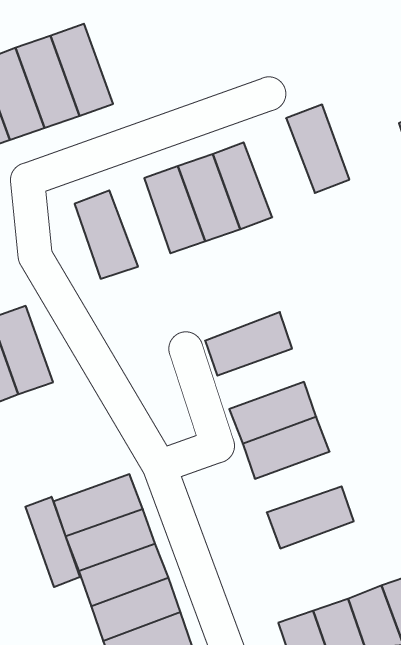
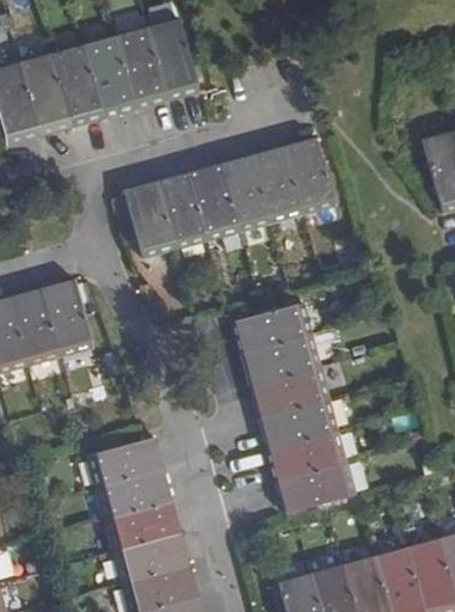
building: none -> [146,19,198,102]
building: [286,105,349,193] -> [281,136,333,215]
building: none -> [156,171,207,250]
building: none -> [240,335,318,385]
building: none -> [266,430,344,481]
building: [25,497,80,587] -> none

